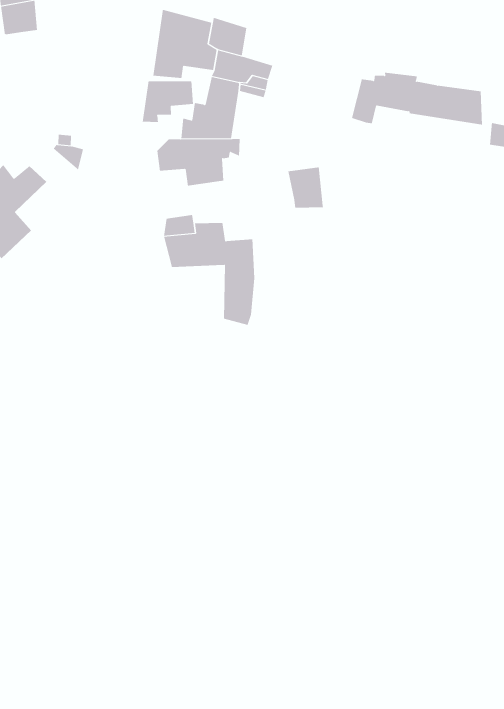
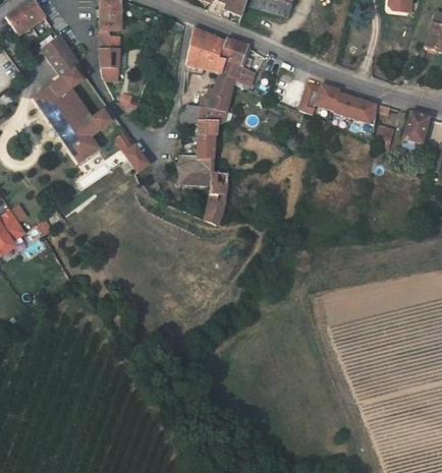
building: none -> [101,44,120,79]
building: [142,80,194,123] -> none
building: [288,167,324,208] -> [196,135,215,160]
building: none -> [124,142,152,172]

